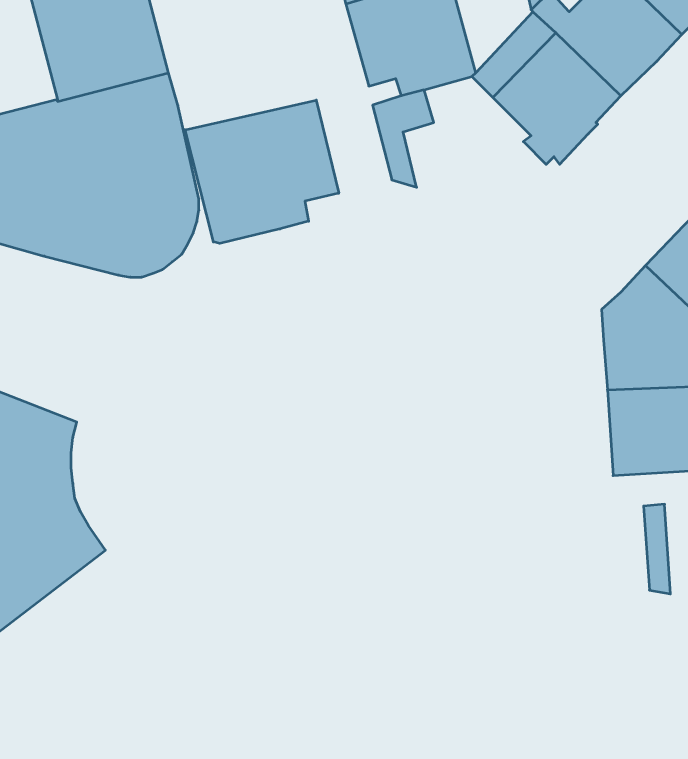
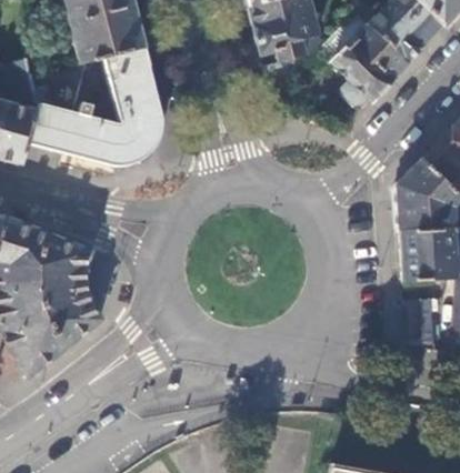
building: [185,100,339,243] -> none

